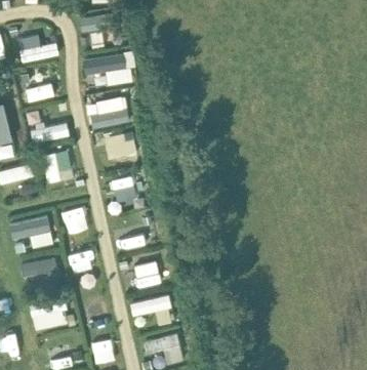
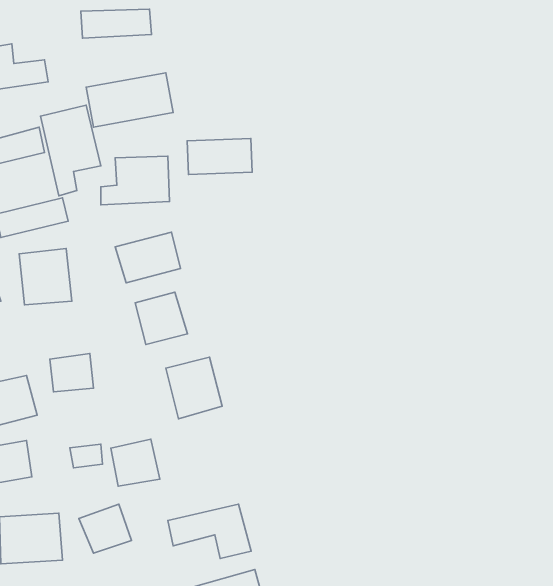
building: none -> [40,105,101,196]
building: none -> [187,138,252,175]
building: [133,260,161,287] -> [111,439,160,486]

